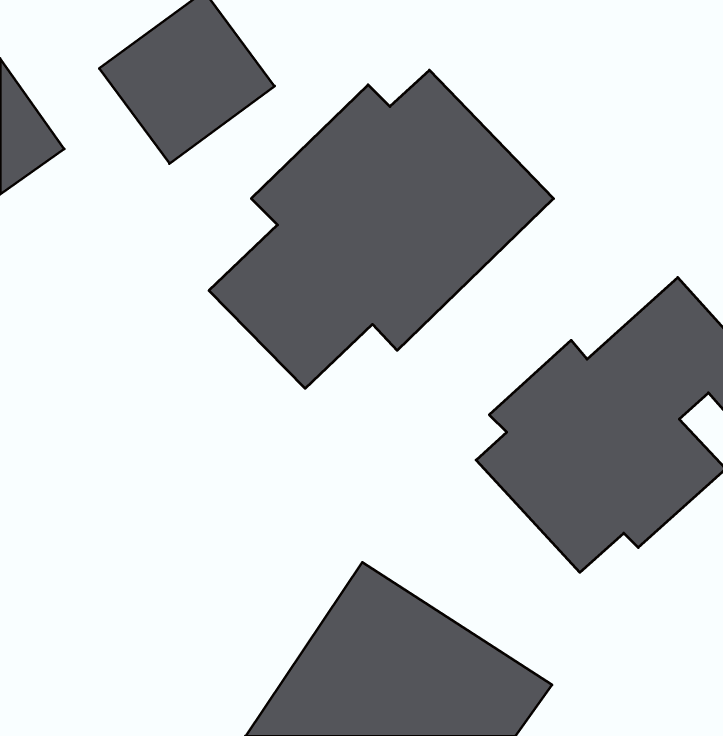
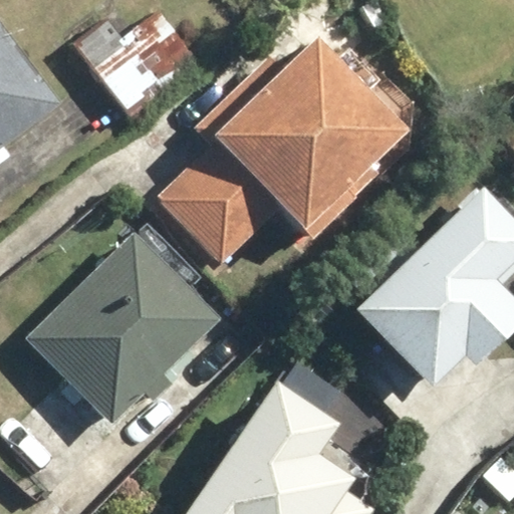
building: none -> [27,231,221,426]

